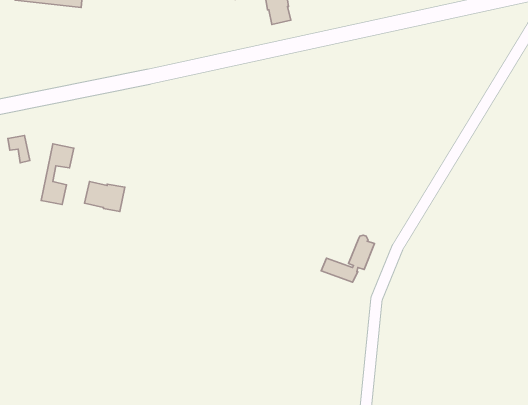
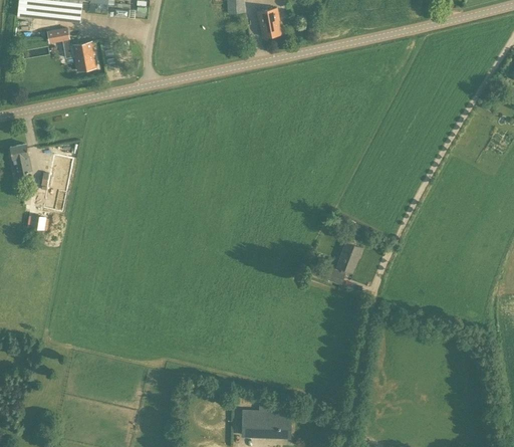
building: none -> [46,27,94,70]
building: [84,181,125,211] -> none

